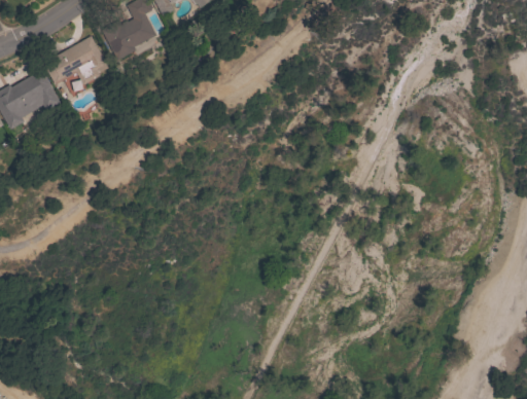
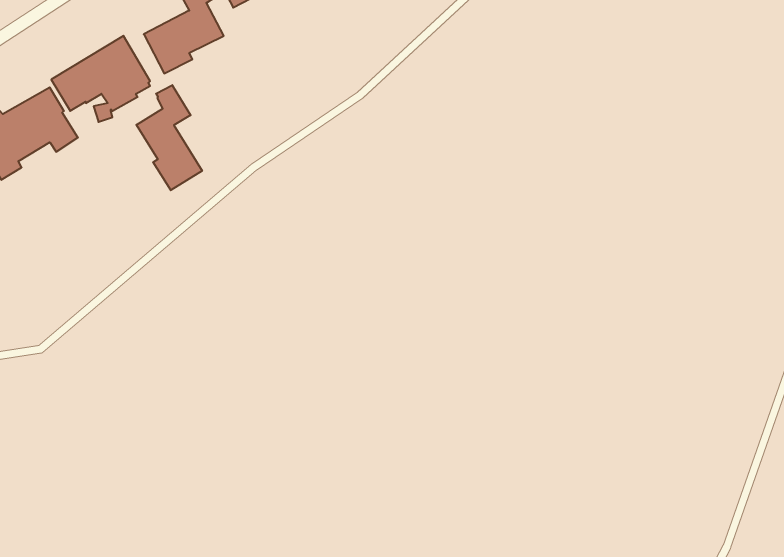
building: none -> [136,85,202,190]

